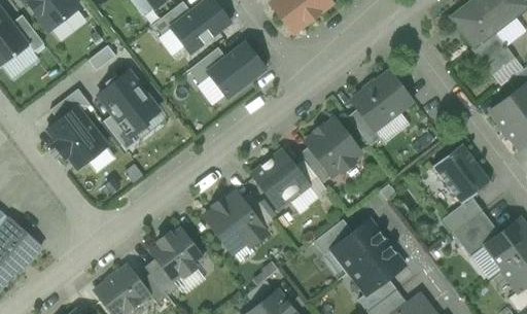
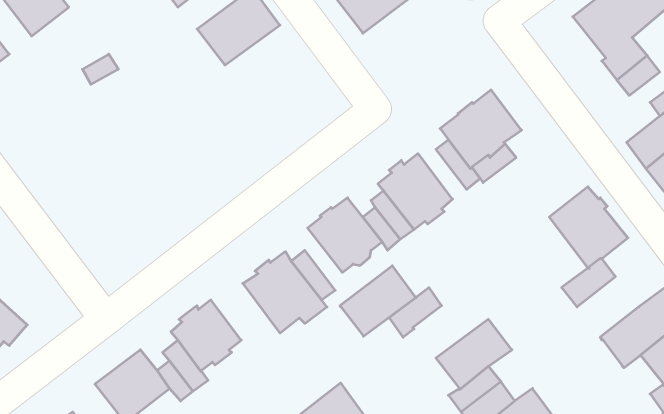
building: [207,41,266,98] -> none
building: [98,71,154,136] -> none
building: [48,107,106,167] -> none
building: [453,210,499,255] -> none
building: [330,218,387,271] -> [340,266,416,336]

